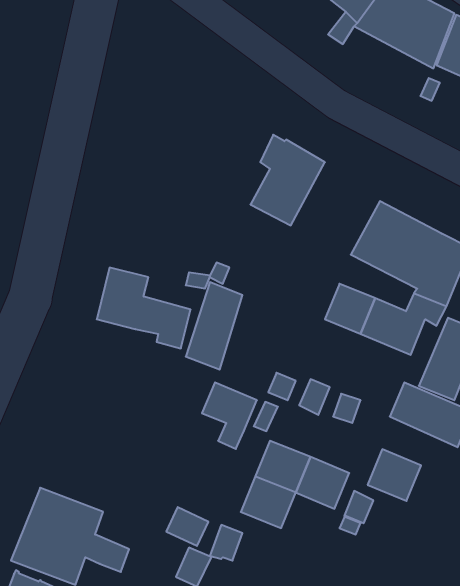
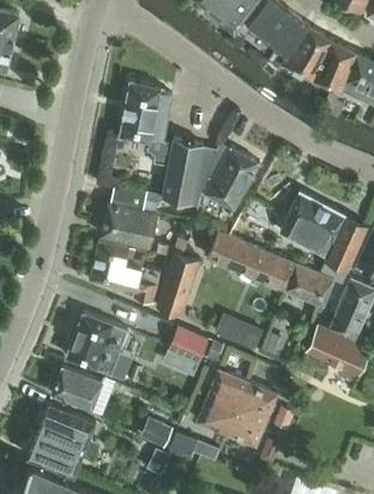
building: none -> [119,82,216,204]
building: none -> [99,187,157,248]
building: none -> [207,233,270,281]
building: none -> [66,314,127,375]
building: none -> [52,368,102,411]
building: [368,449,421,501] -> [227,409,266,447]

